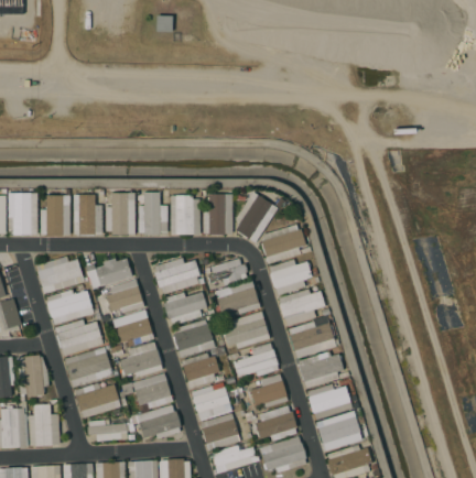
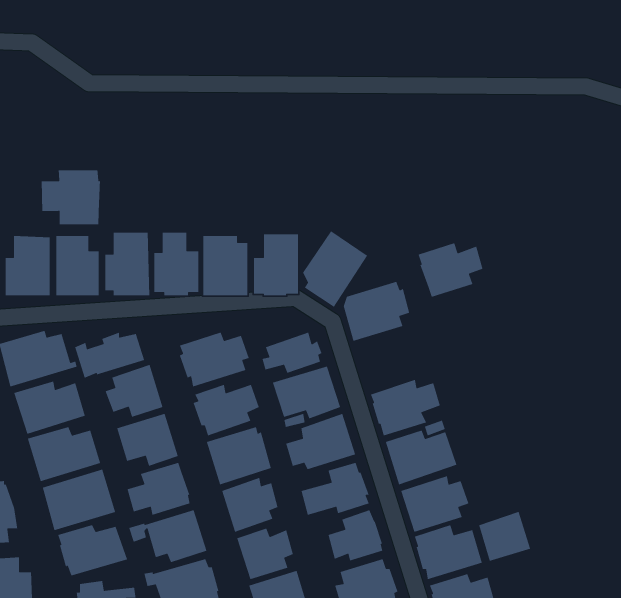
building: none -> [41,170,101,225]
building: [269,259,312,295] -> [418,242,483,298]
building: none -> [478,511,531,562]

